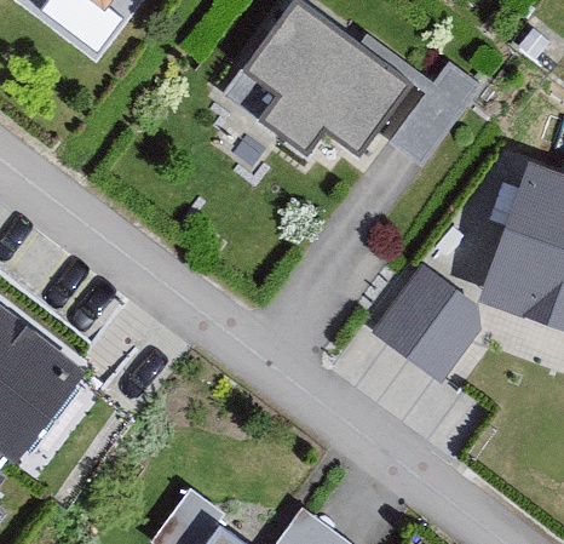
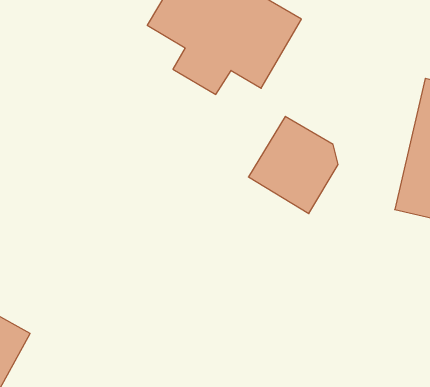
building: [375,271,471,377] -> [248,116,338,214]

